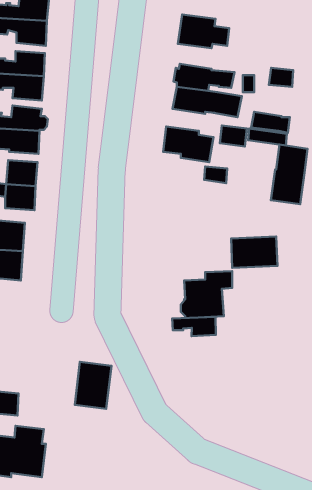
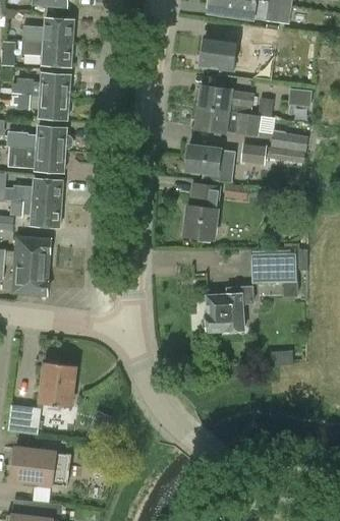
building: [271,145,308,204] -> [183,181,219,239]
building: [172,317,216,336] -> none
building: [75,362,111,409] -> [39,361,74,407]

